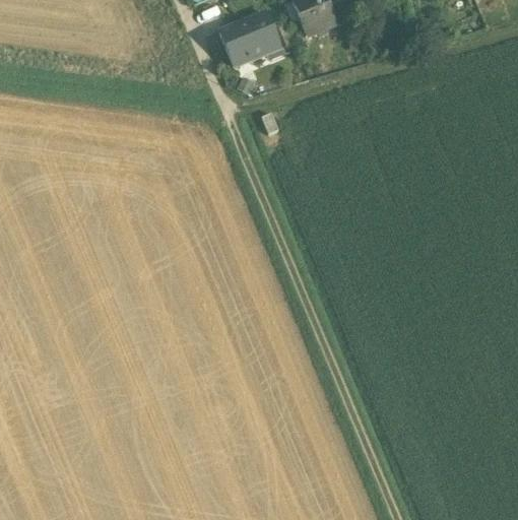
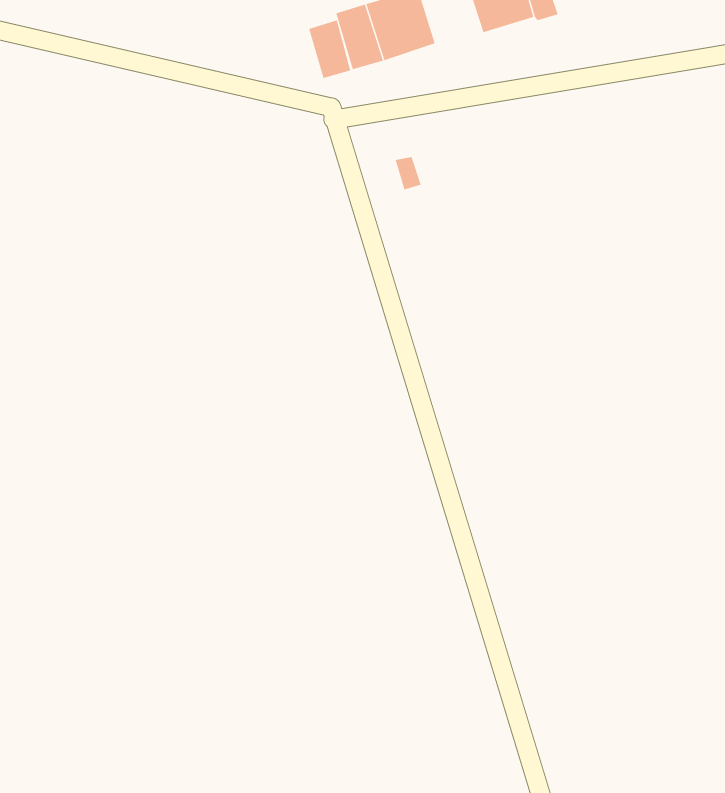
building: none -> [308,20,351,79]

